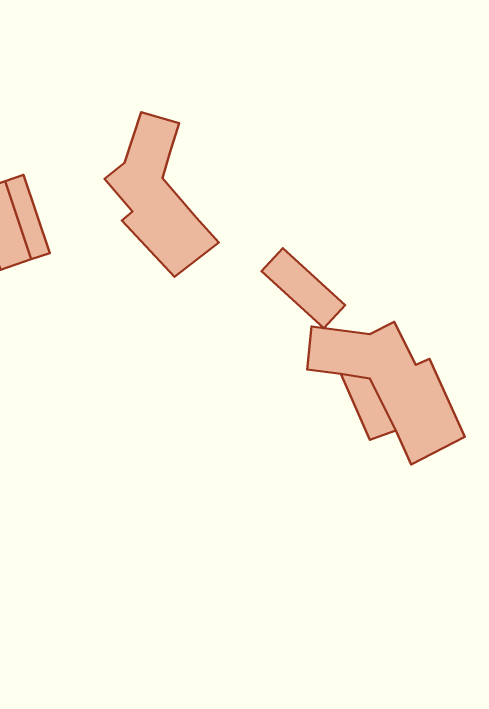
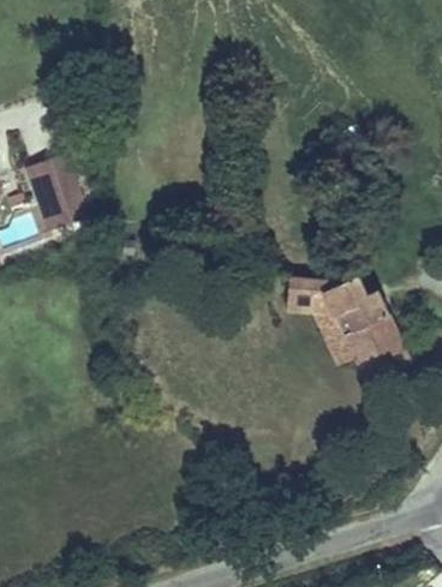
building: [105,112,219,277] -> none
building: [261,248,345,328] -> none

